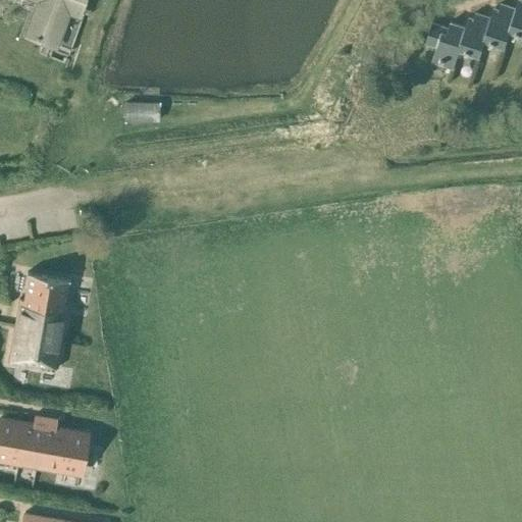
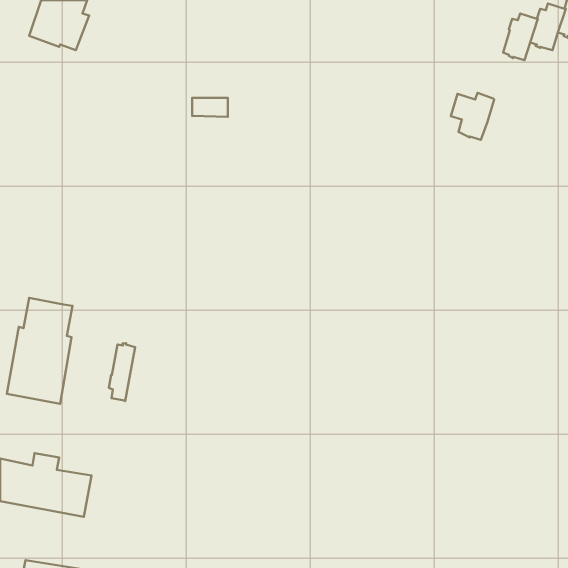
building: [428,23,468,66] -> [451,93,494,140]
building: [126,105,159,122] -> [192,98,228,117]
building: none -> [109,343,135,401]

